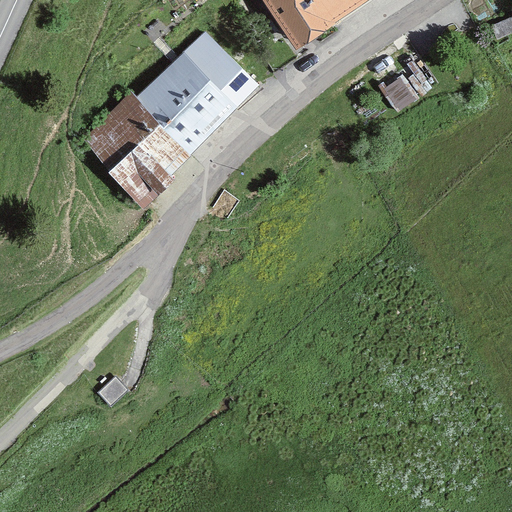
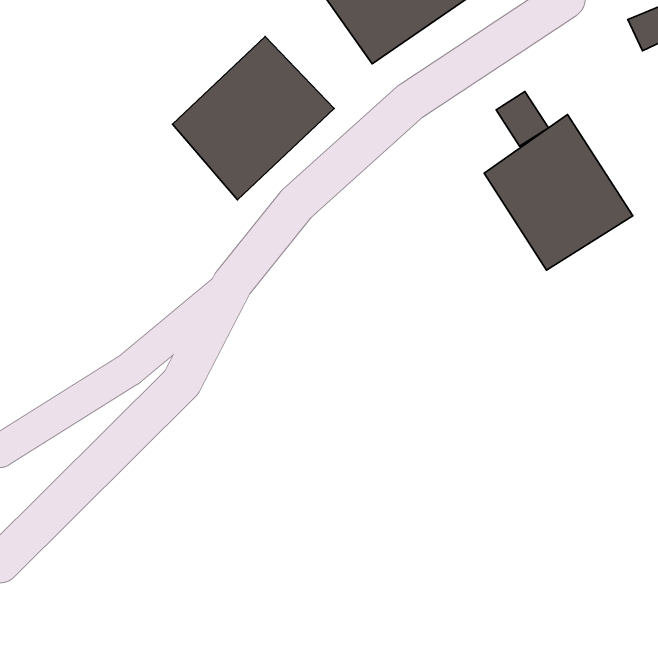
building: [87,87,189,209] -> none
building: none -> [484,114,633,270]

